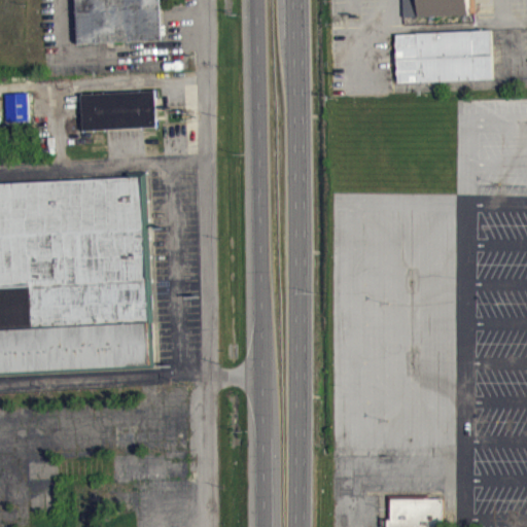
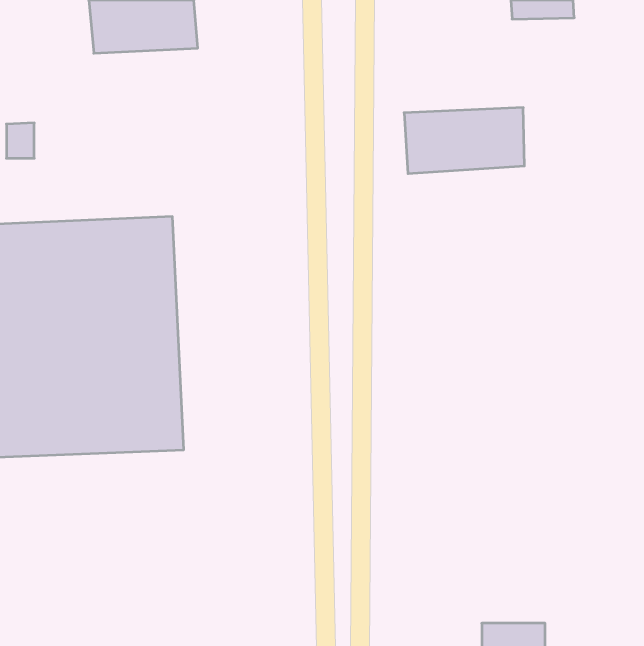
building: [392,30,490,83] -> [404,108,524,174]
building: [79,90,154,131] -> none

